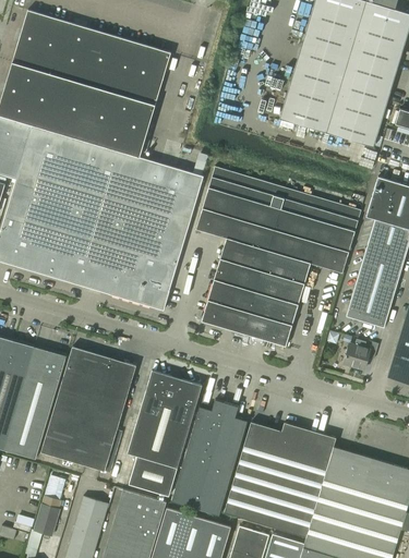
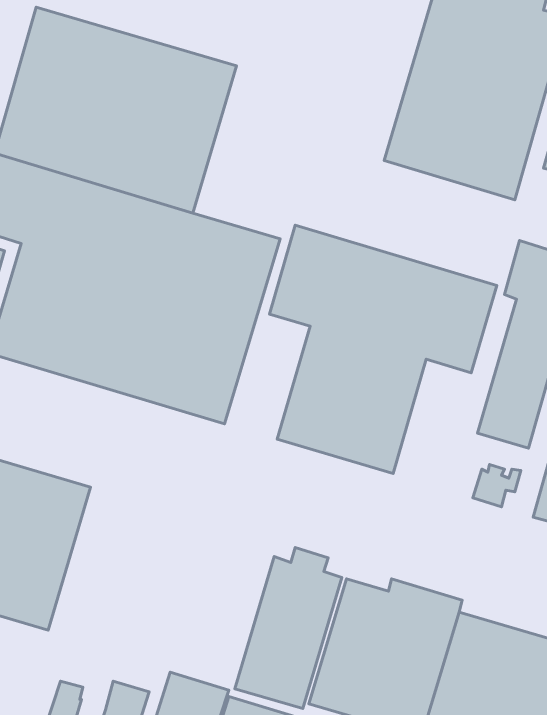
building: [41,348,136,471] -> none
building: [128,371,202,497] -> none

